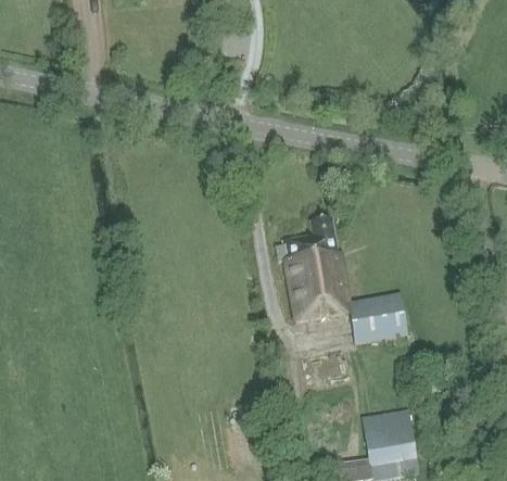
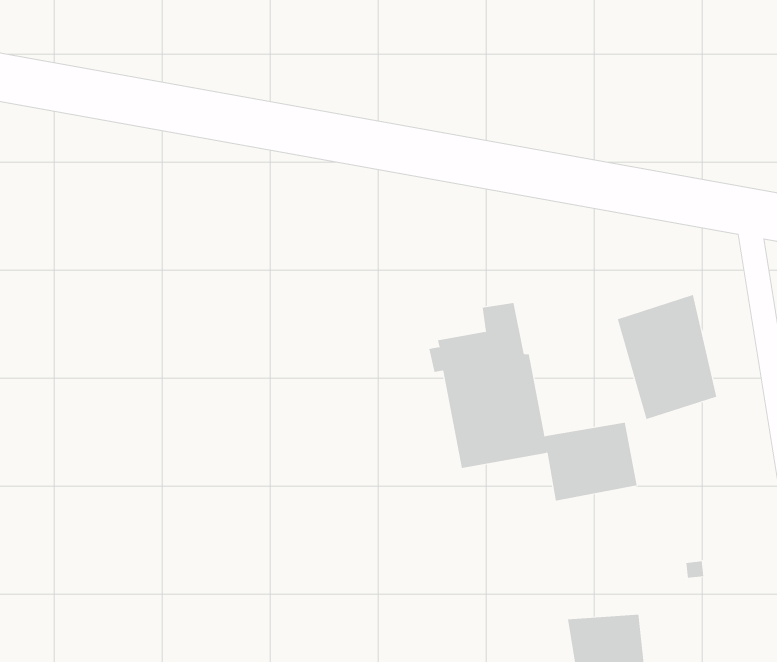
building: none -> [617,294,717,420]

